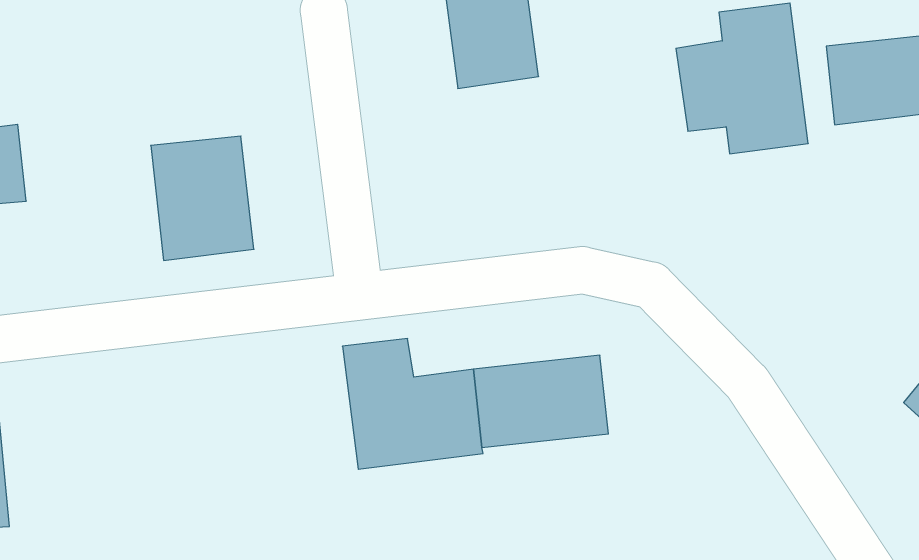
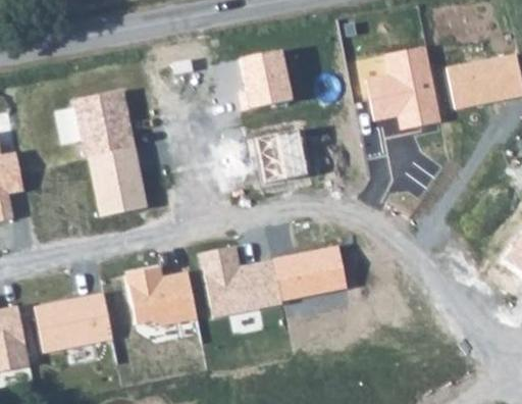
building: none -> [72,86,136,154]
building: none -> [257,130,308,182]
building: none -> [128,266,197,324]
building: none -> [35,292,112,350]

